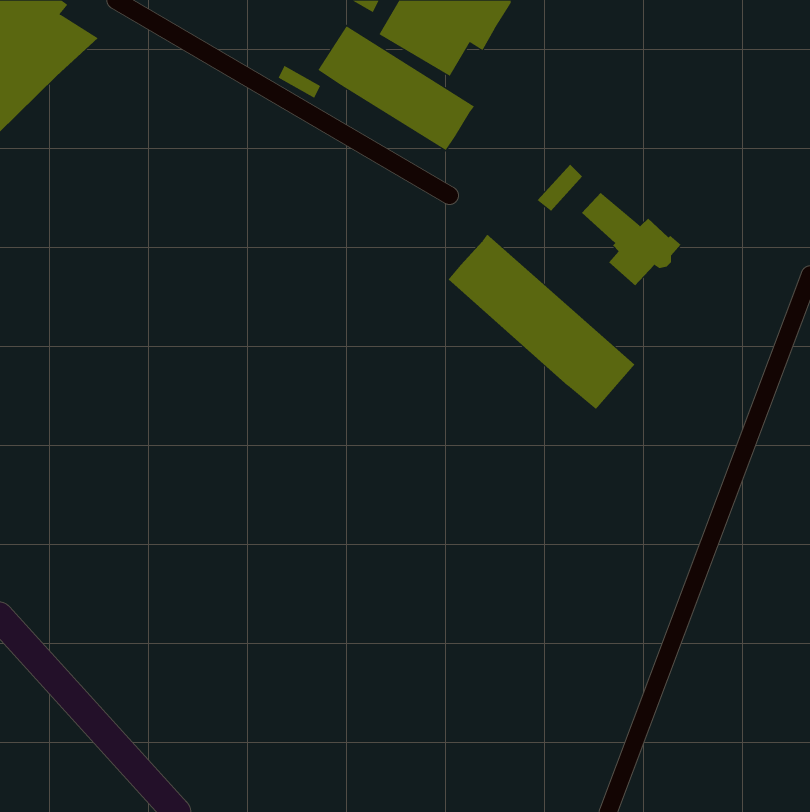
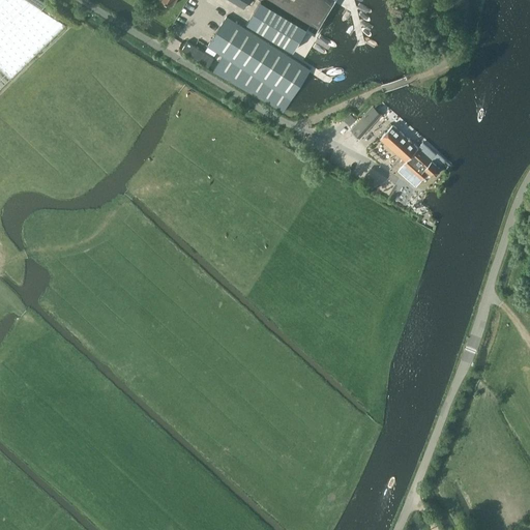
building: none -> [213,56,291,115]
building: [448,234,635,410] -> none

